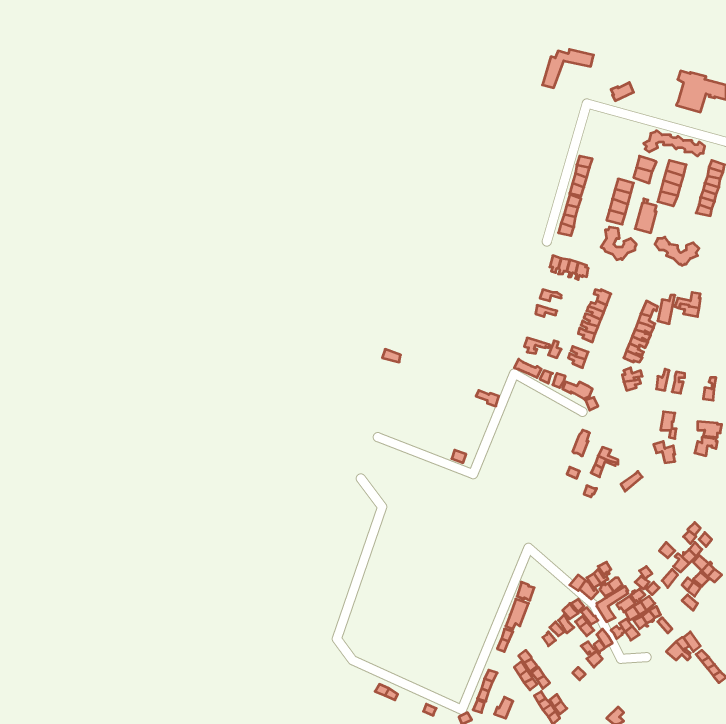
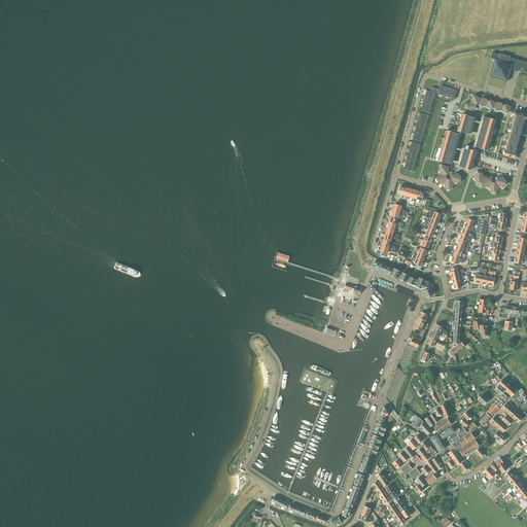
building: [542,49,594,88] -> [421,85,458,113]

